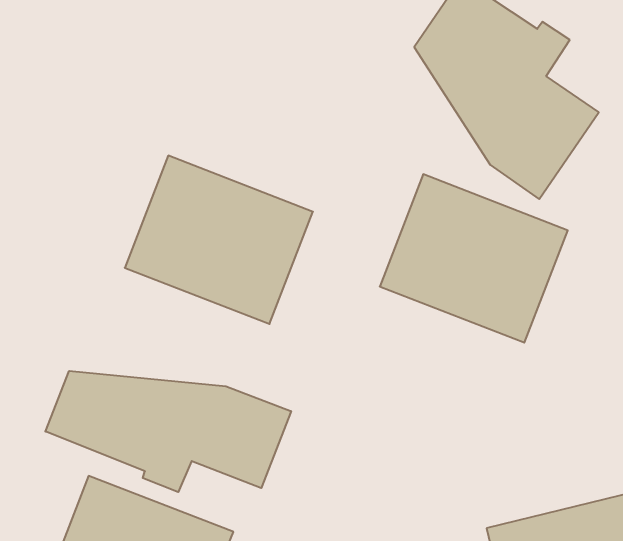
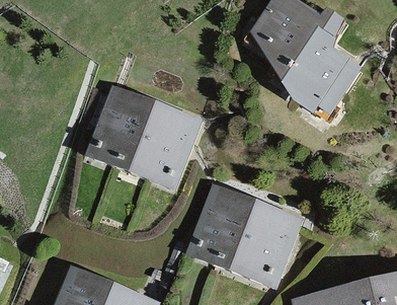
building: [380,174,568,343] -> [191,184,297,279]
building: [45,371,291,492] -> none

